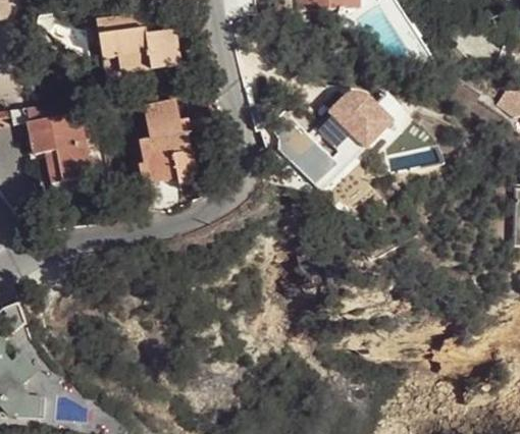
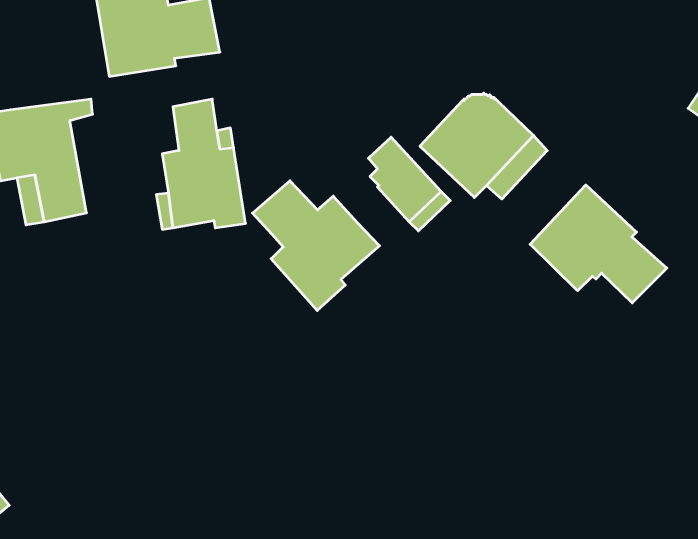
building: none -> [252,181,380,311]
building: none -> [530,185,667,303]

